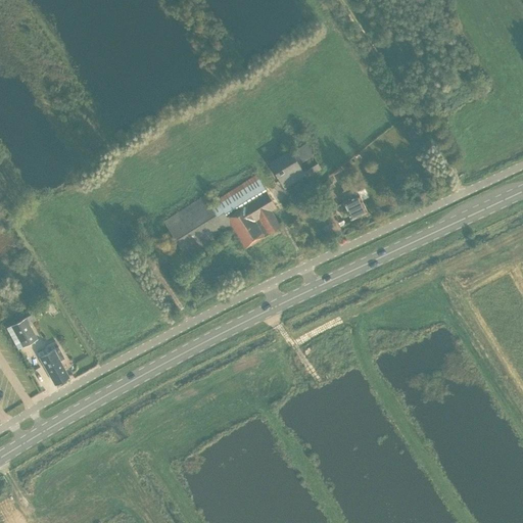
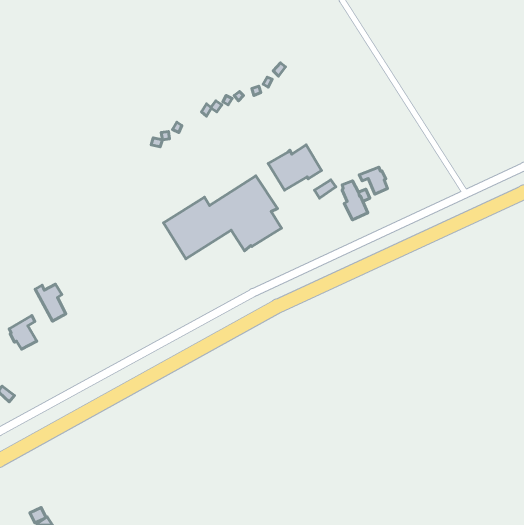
building: none -> [359,167,388,194]
building: [37,347,67,384] -> [35,284,66,321]

